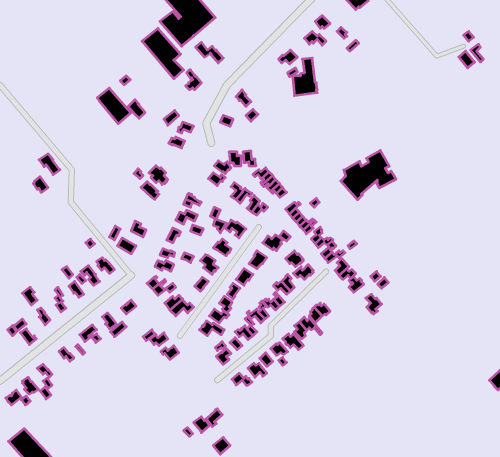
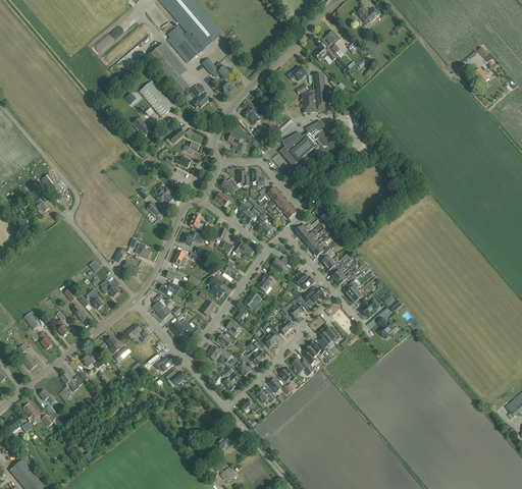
building: [97,88,131,124] -> [140,79,174,116]
building: [341,150,396,200] -> [279,119,336,170]

